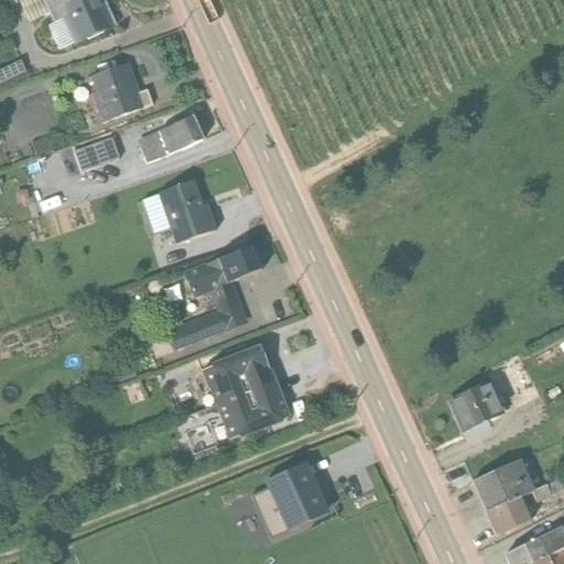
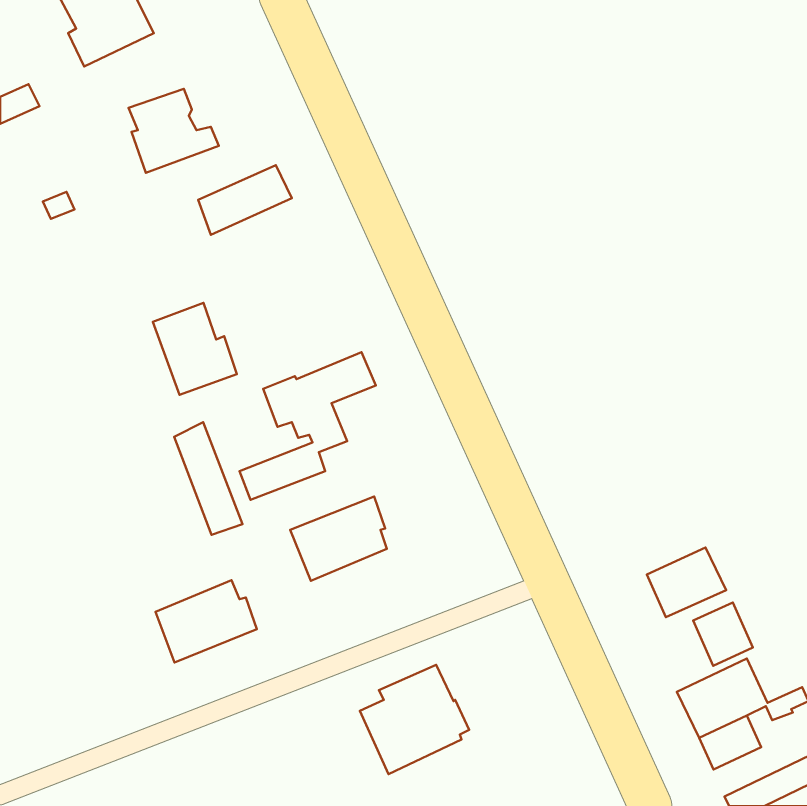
building: [79,131,119,162] -> none
building: [159,178,217,242] -> [153,303,237,395]
building: none -> [174,422,242,535]
building: [218,381,289,438] -> [155,580,257,663]
building: none -> [693,602,753,666]

